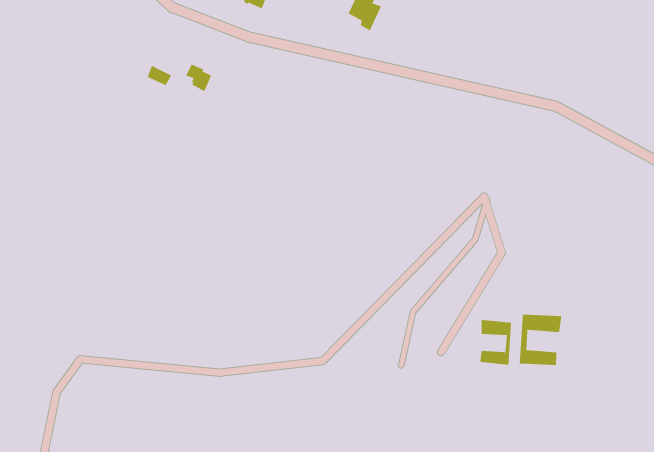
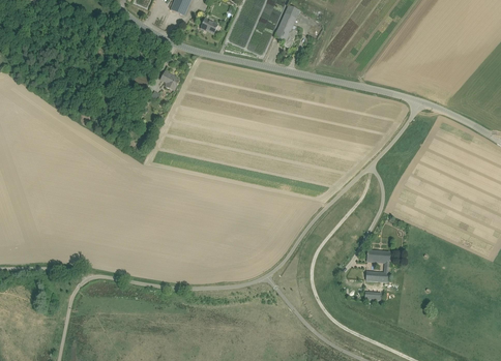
building: [519,314,562,366] -> none

